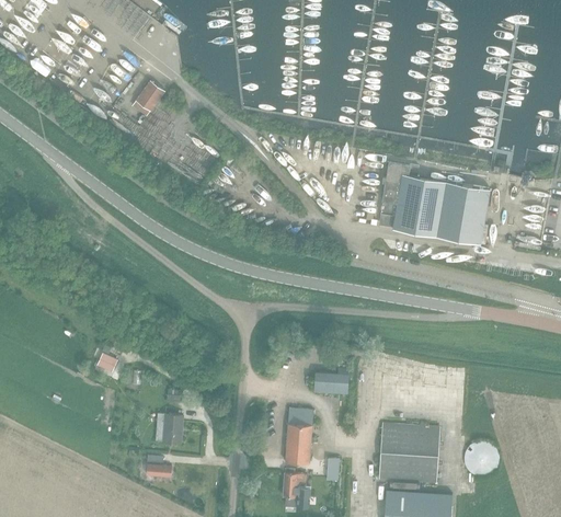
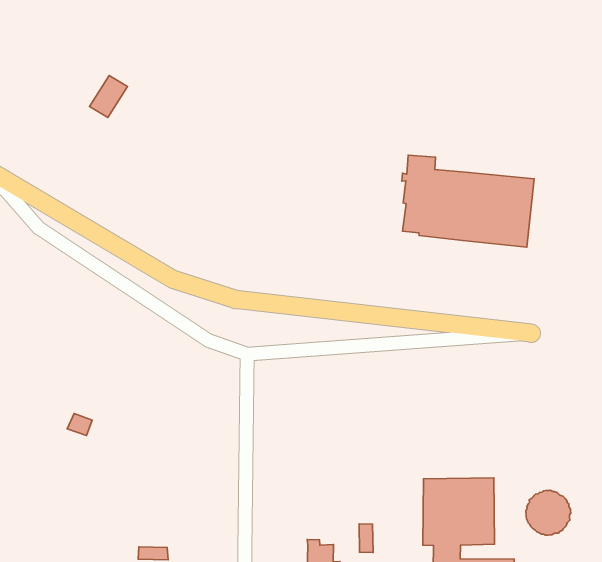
building: [313,372,348,394] -> none
building: [285,407,313,463] -> none
building: [164,414,183,441] -> none

